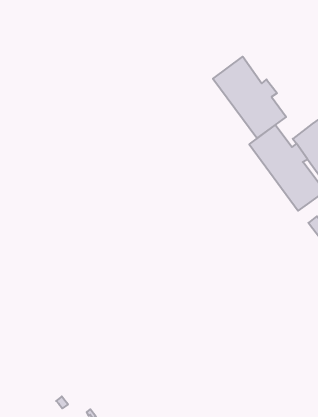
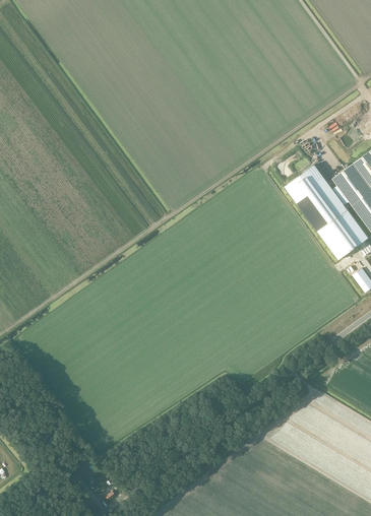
building: [213,57,286,138] -> none

